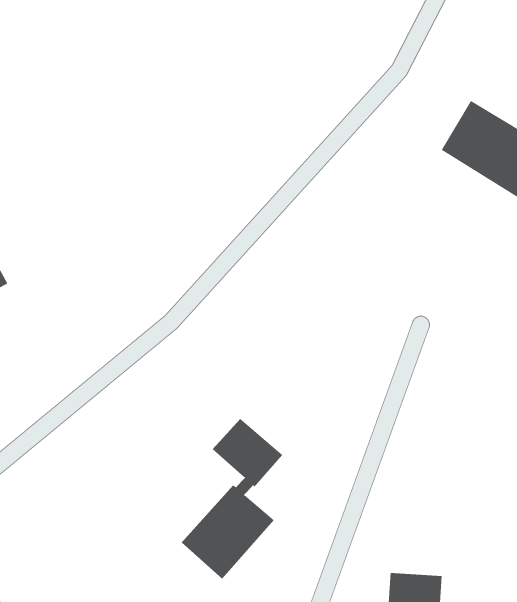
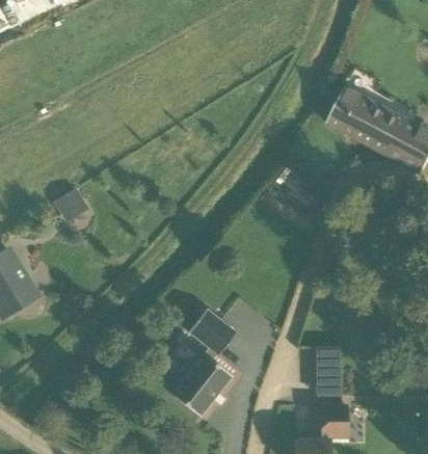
building: none -> [55,185,88,219]
building: none -> [316,356,342,394]

